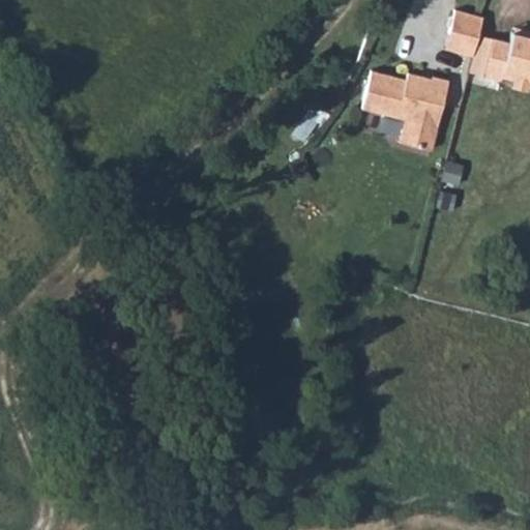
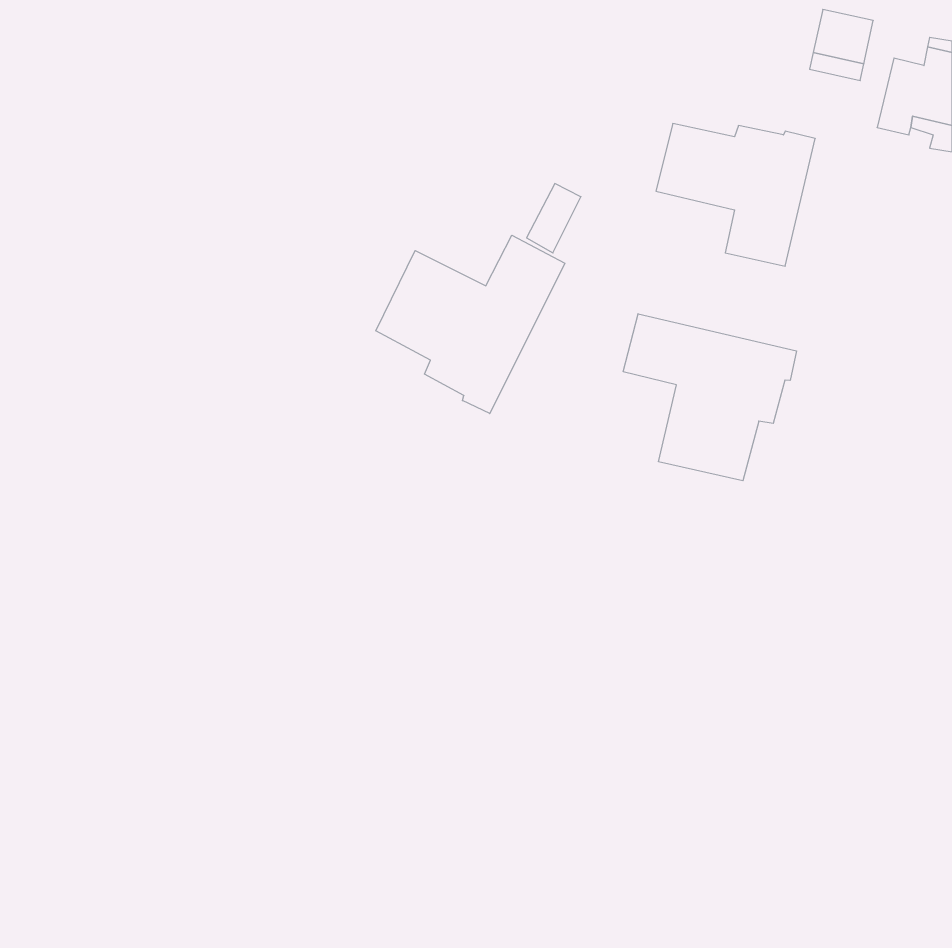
building: none -> [376,235,565,414]
building: none -> [623,314,796,481]

